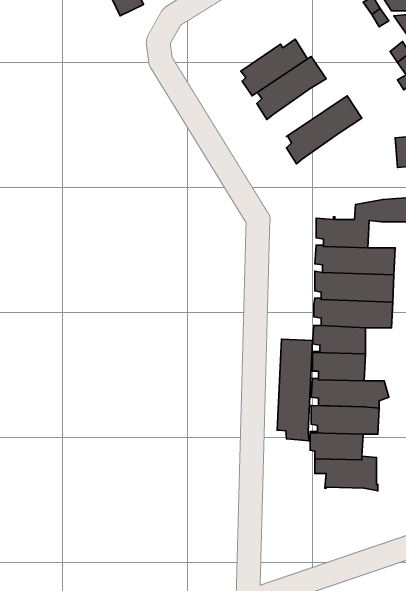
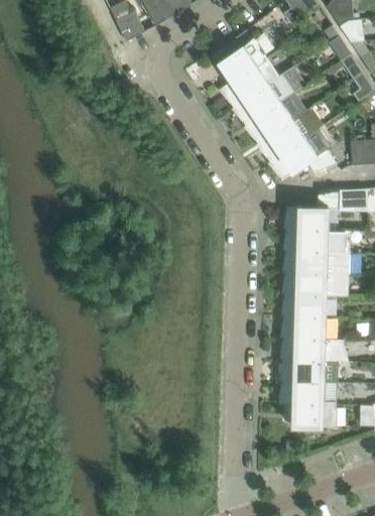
building: none -> [219,36,269,86]
building: none -> [250,100,293,142]
building: none -> [274,136,337,179]
building: [277,339,313,441] -> none

